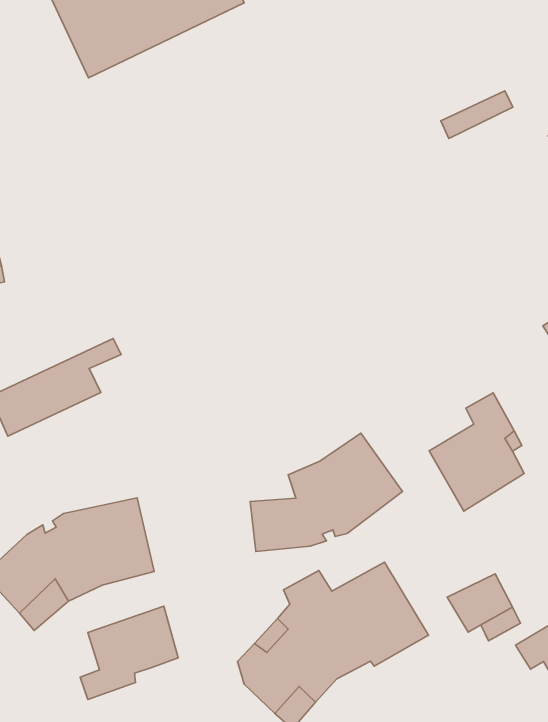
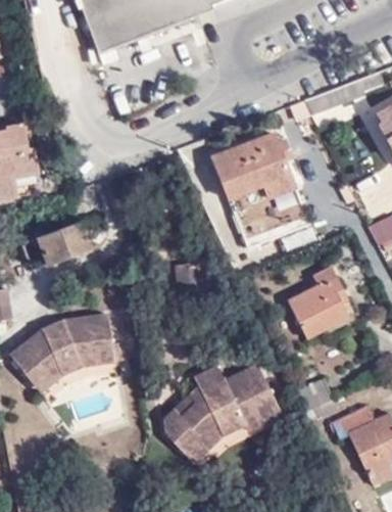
building: none -> [214,133,309,245]
building: [250,433,403,552] -> none
building: [80,606,178,699] -> none

